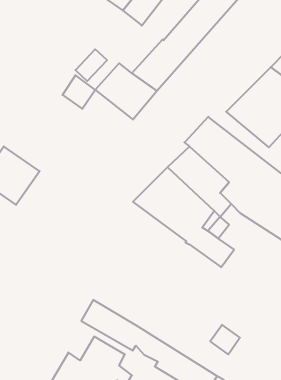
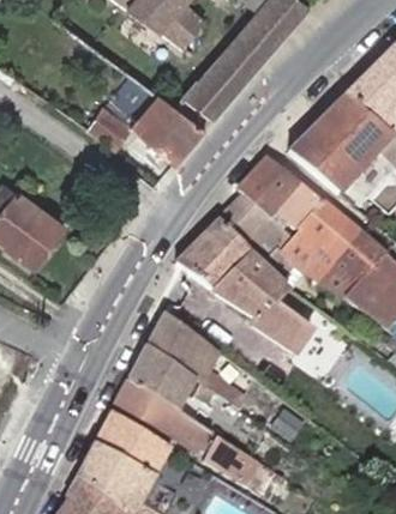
building: none -> [127,314,240,411]

